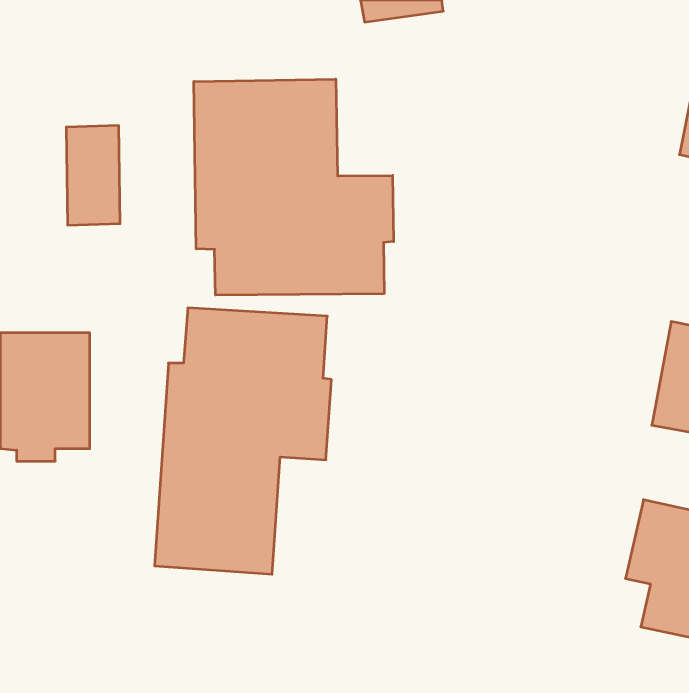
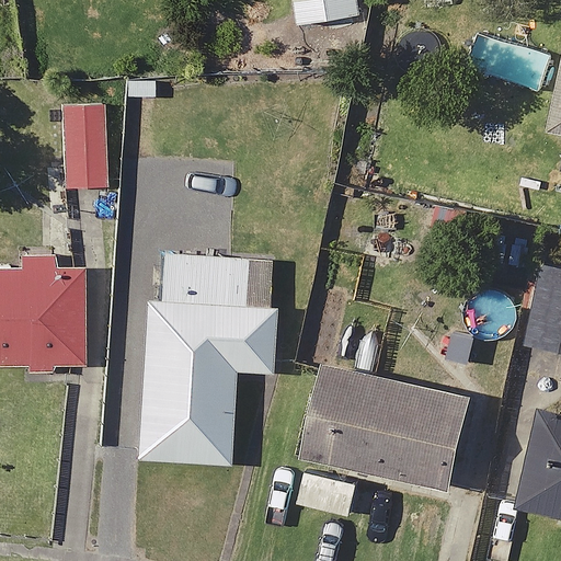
building: [194,79,394,295] -> none
building: none -> [301,363,473,491]

